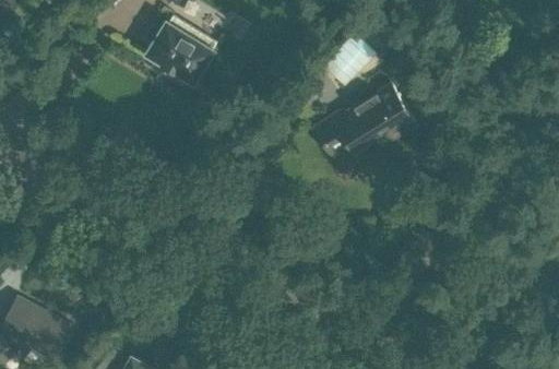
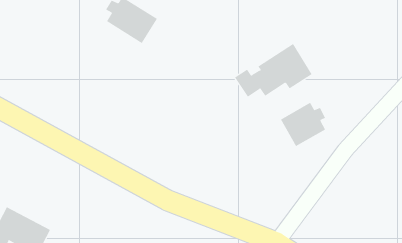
building: none -> [280,102,326,147]

